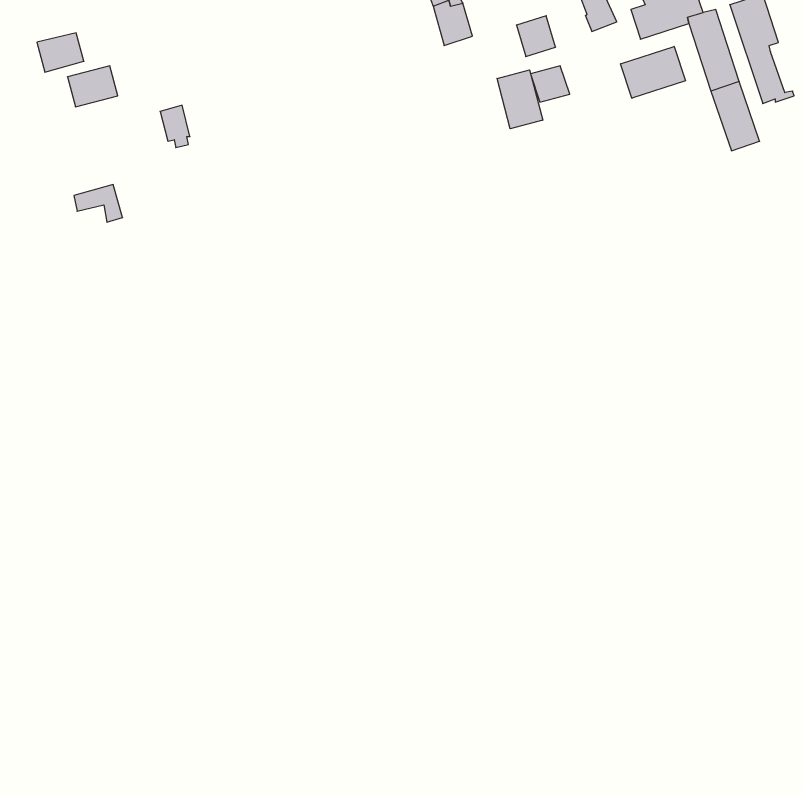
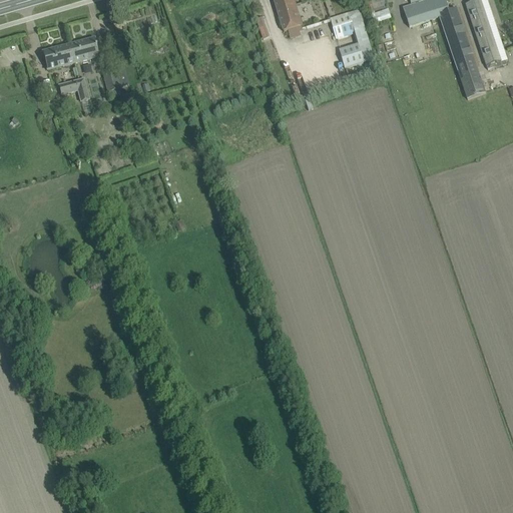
building: [37,33,84,72] -> [70,36,100,61]
building: [621,46,685,98] -> none
building: [497,70,543,129] -> none
building: [74,185,123,222] -> [59,76,90,100]

